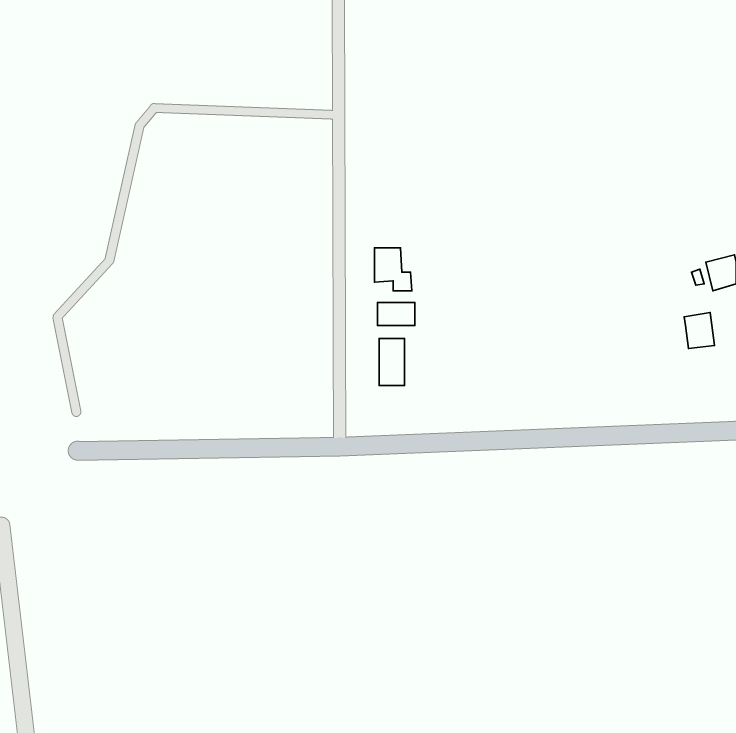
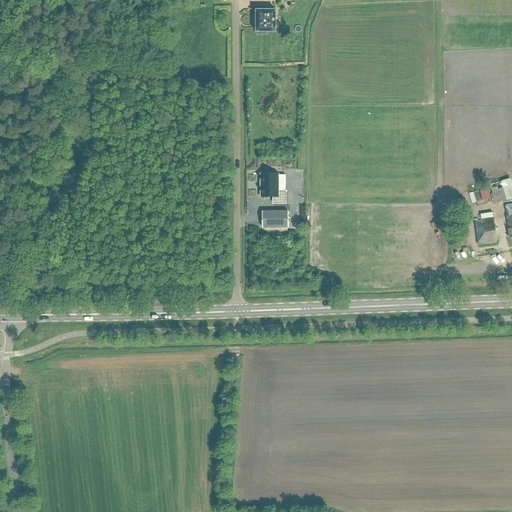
building: none -> [255,7,276,33]
building: [379,338,404,385] -> none

